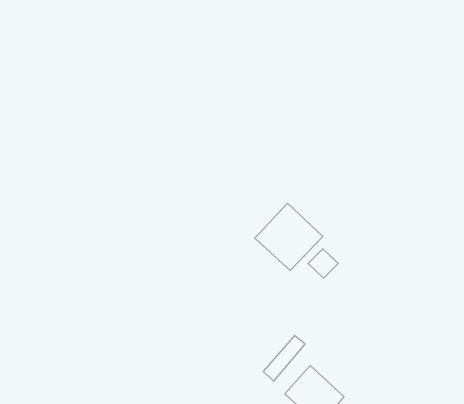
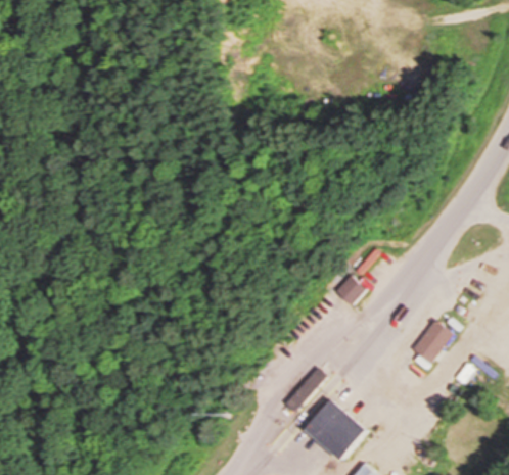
building: [255,203,323,271] -> none
building: none -> [411,320,453,364]

